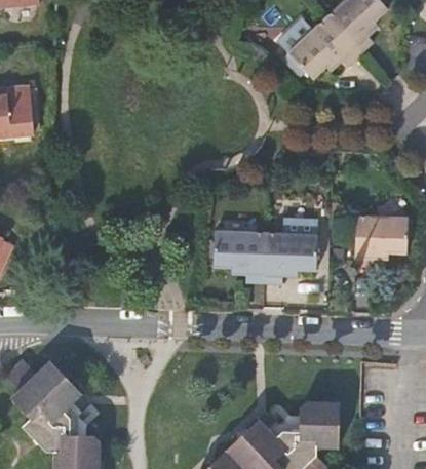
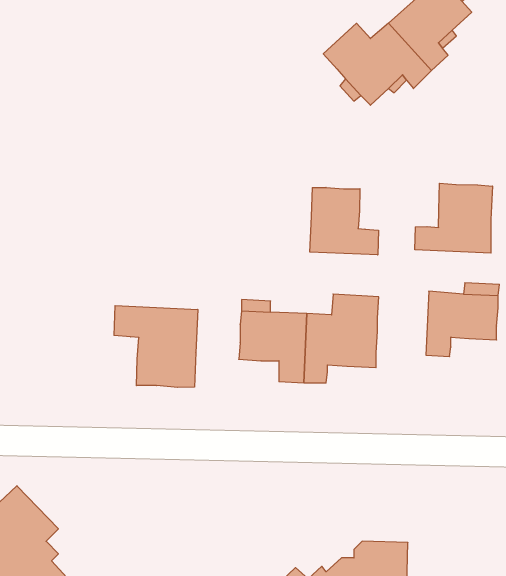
building: none -> [415,183,492,253]
building: none -> [310,187,378,255]
building: none -> [114,306,198,387]

